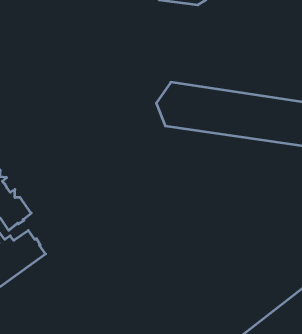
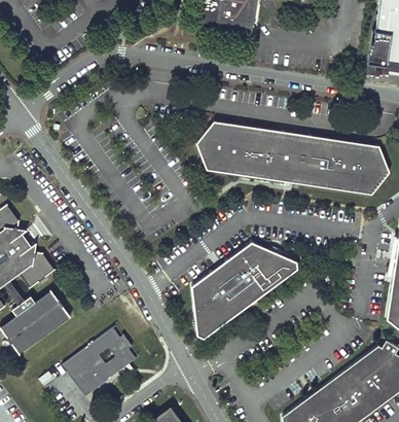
building: none -> [188,245,294,343]
building: none -> [61,328,135,398]

